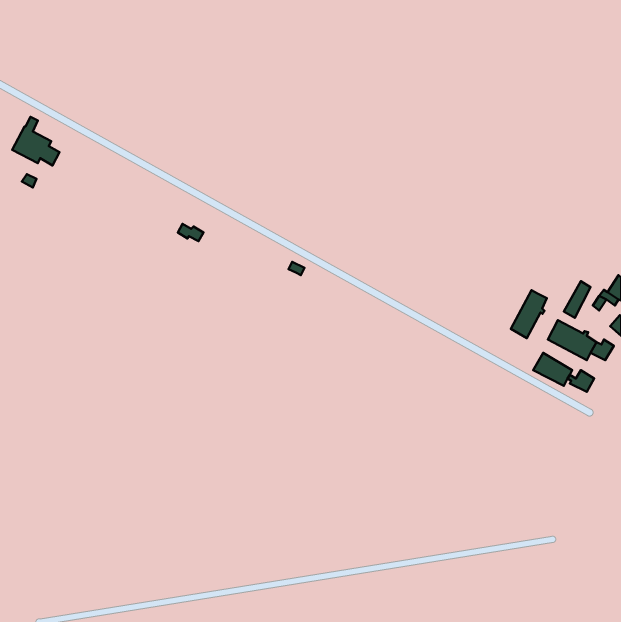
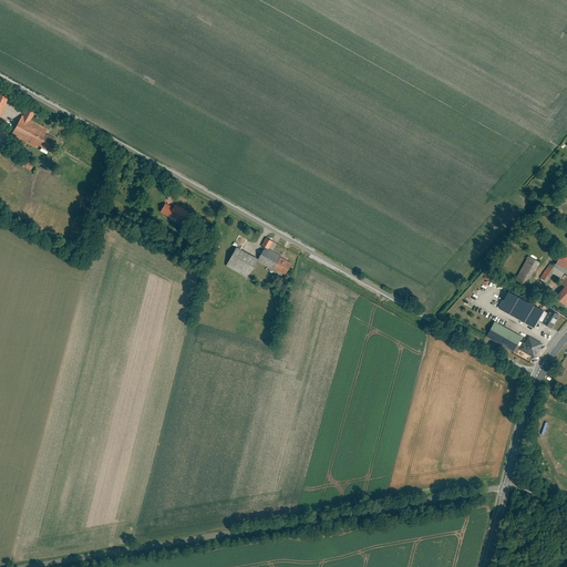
building: none -> [227,247,291,278]
building: [511,290,547,338] -> none

